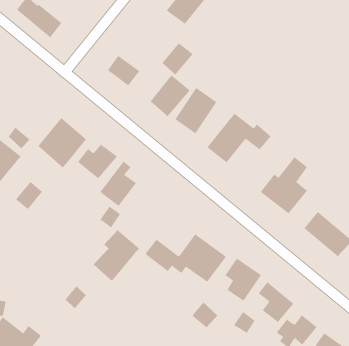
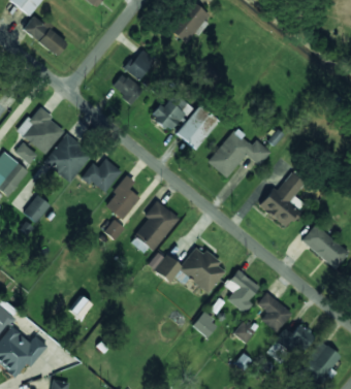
building: [161,43,194,76] -> [125,48,156,80]
building: none -> [18,107,66,154]
building: [93,229,140,282] -> [134,200,180,251]

